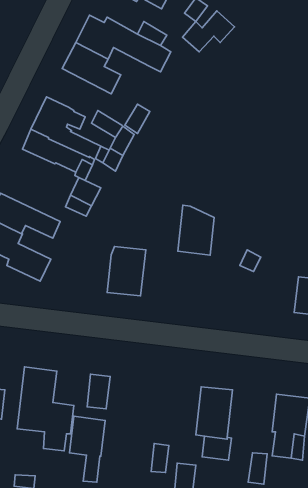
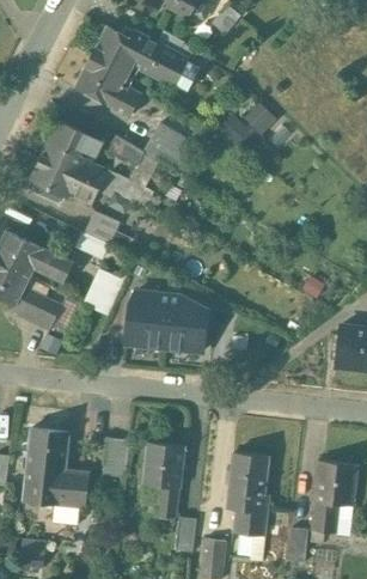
building: [182,11,235,52] -> [216,98,276,145]
building: [178,205,214,255] -> [164,294,206,352]
building: none -> [85,269,123,316]
building: [70,416,105,482] -> [145,440,185,516]

